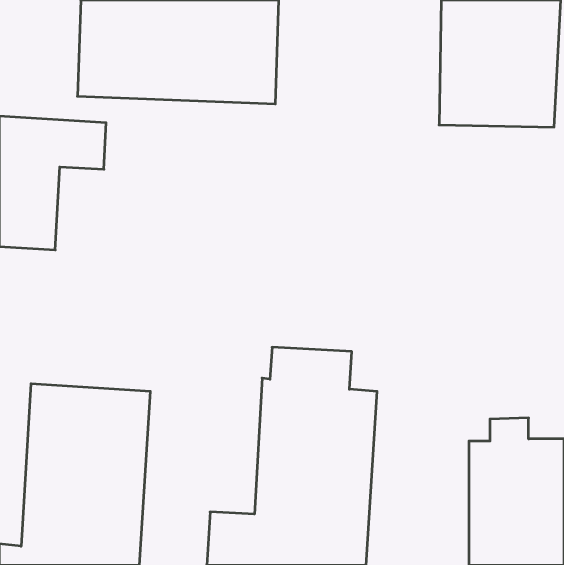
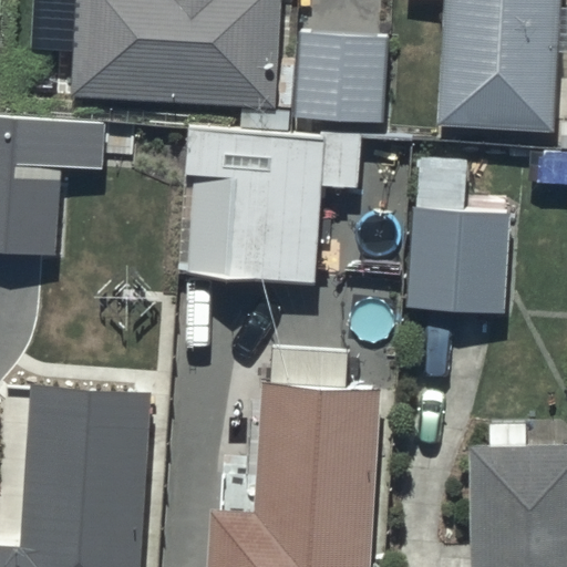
building: none -> [298,27,386,121]
building: none -> [185,126,367,279]
building: none -> [405,155,514,317]

